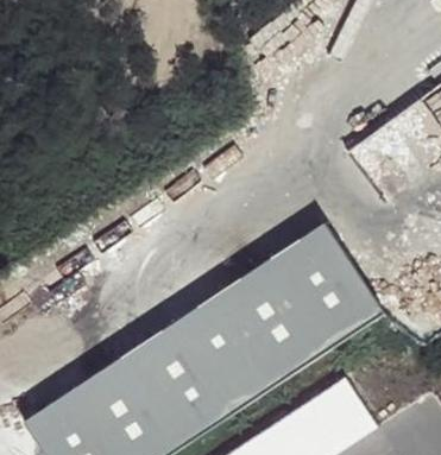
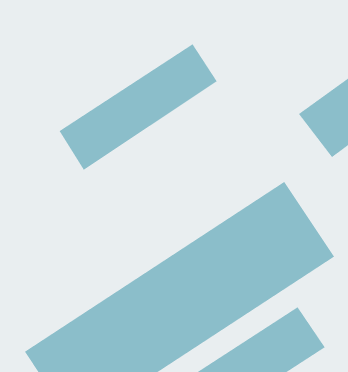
building: none -> [59,43,218,171]

